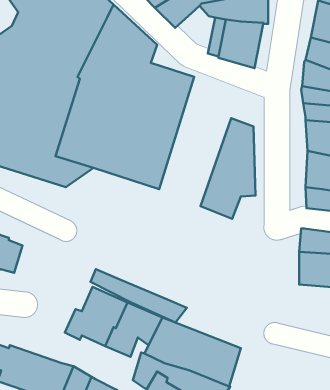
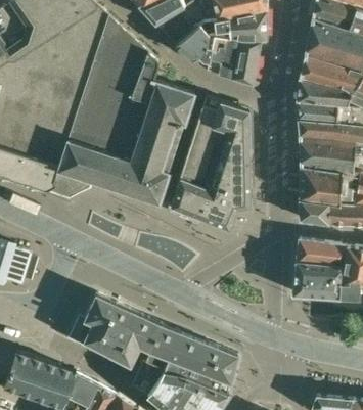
building: none -> [176,25,215,71]
building: none -> [172,98,252,218]
building: [91,269,187,323] -> none

